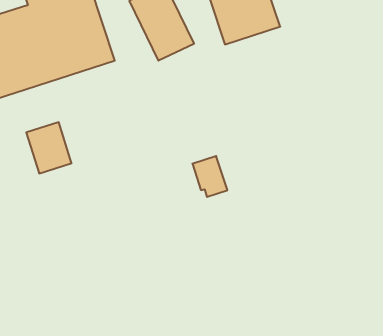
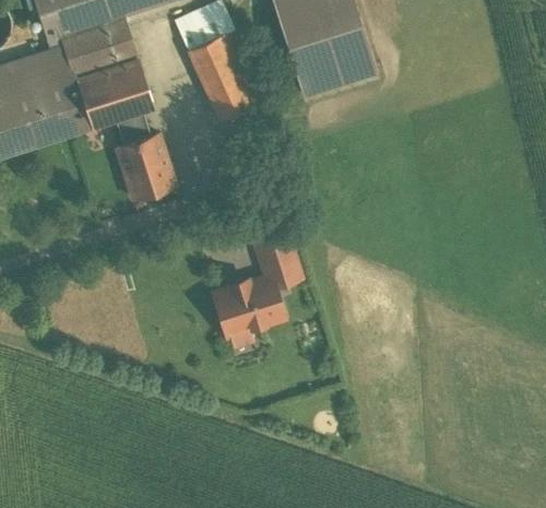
building: [26,122,72,173] -> [119,134,177,200]
building: none -> [216,277,286,335]

